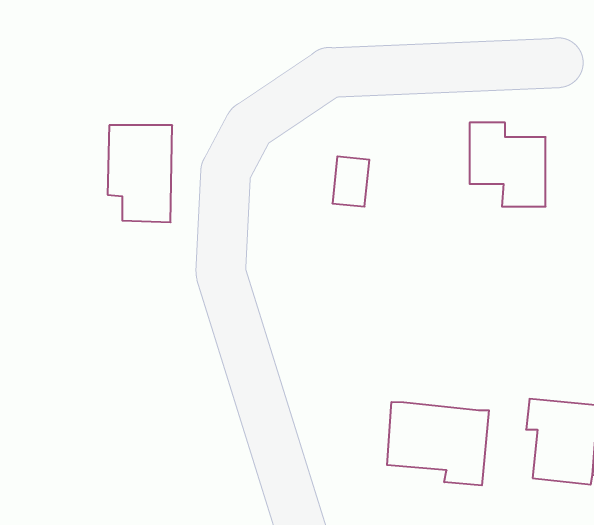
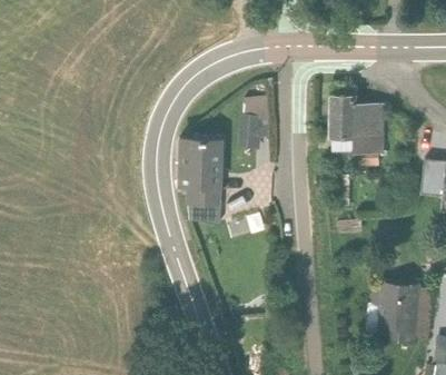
building: [108,125,172,222] -> [177,139,221,206]
building: [387,402,489,485] -> none

